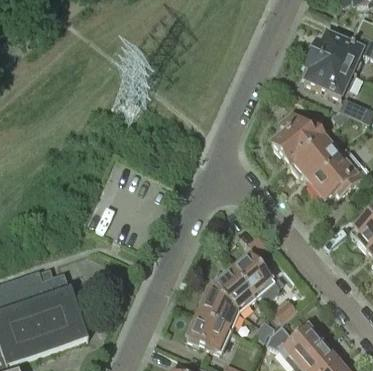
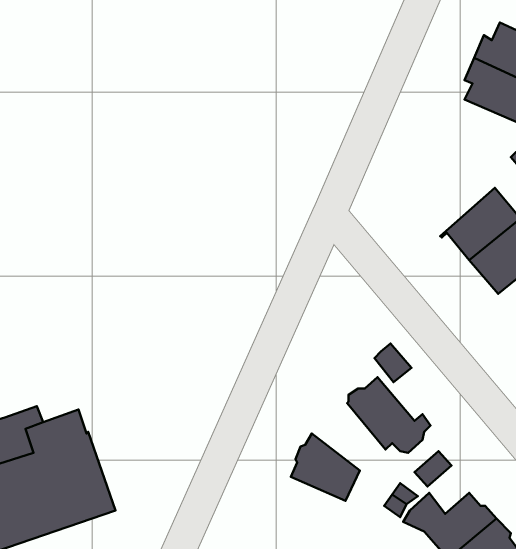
building: [270,111,323,165] -> none
building: [209,269,255,311] -> none
building: [186,315,230,352] -> none

